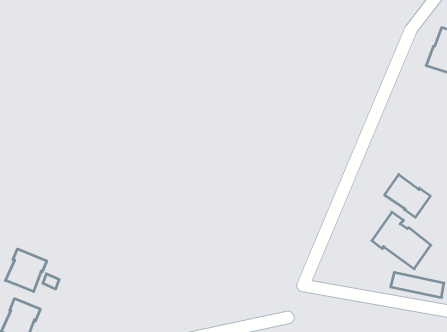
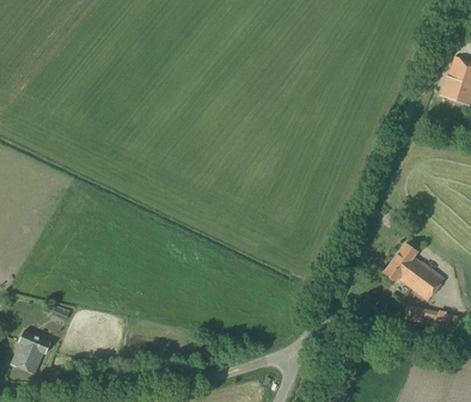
building: [385,174,430,217] -> none
building: [5,249,47,292] -> none

